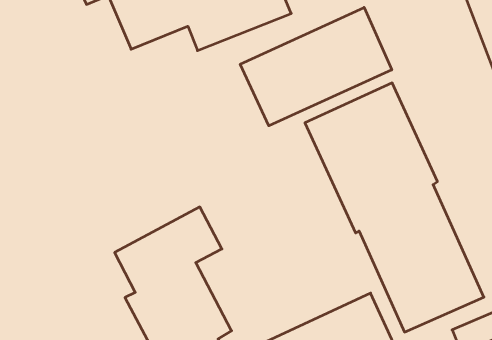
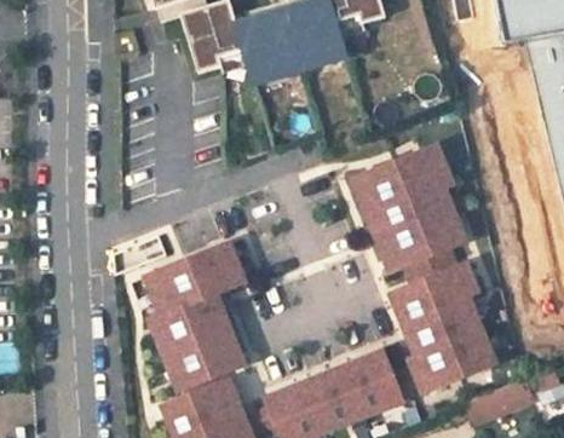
building: [240,7,392,126] -> none

